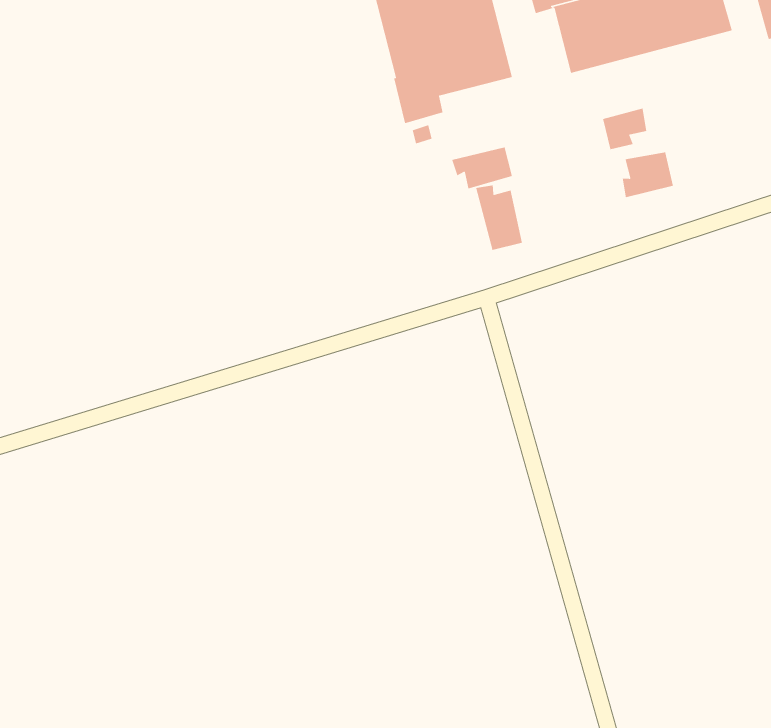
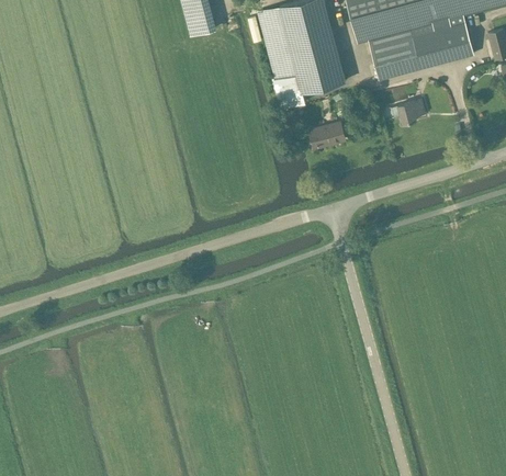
building: [622,151,674,198] -> none
building: [475,184,523,251] -> none

